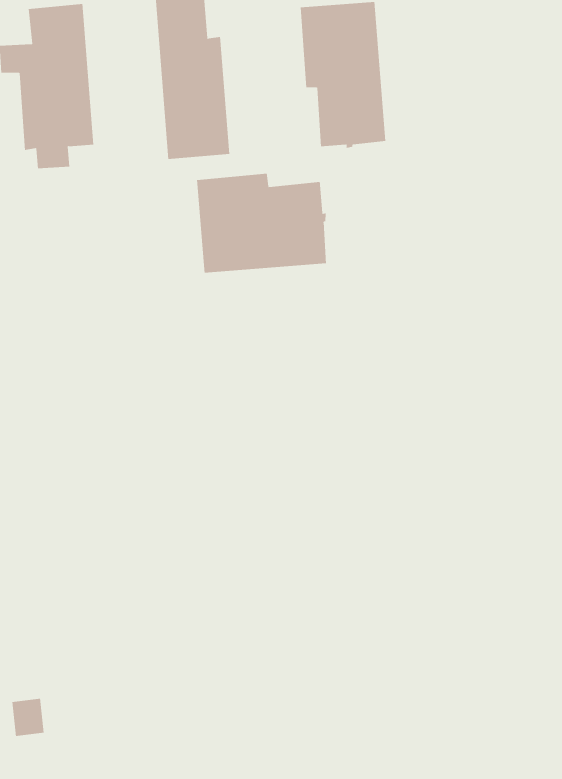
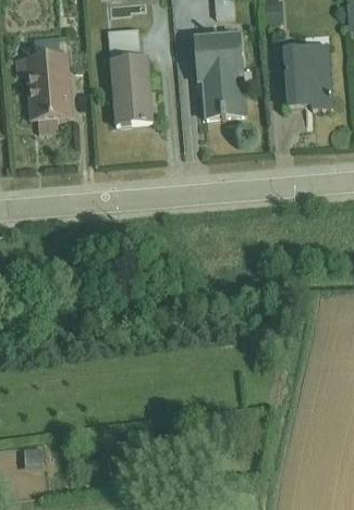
building: none -> [284,46,332,110]
building: [196,173,326,273] -> none

